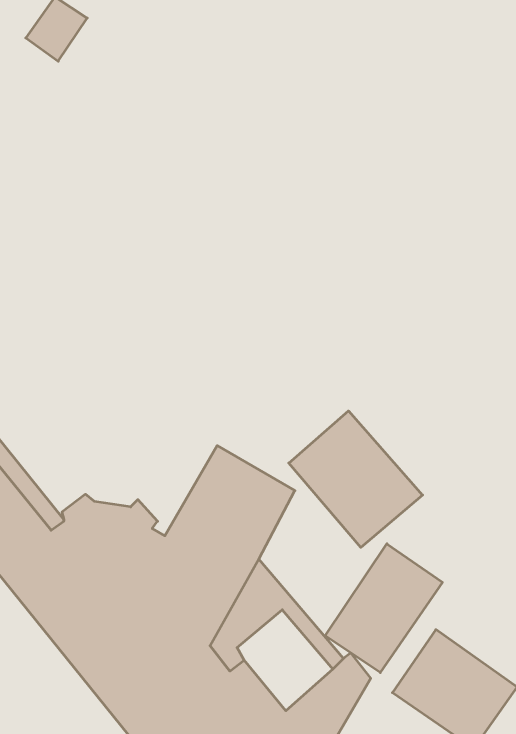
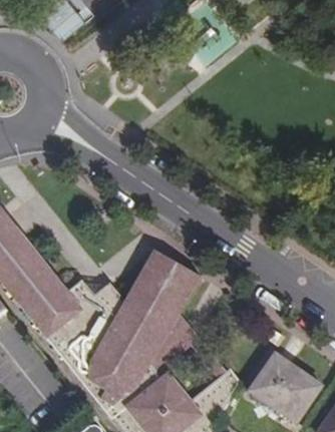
building: [289,411,423,547] -> none
building: [325,544,442,673] -> none

